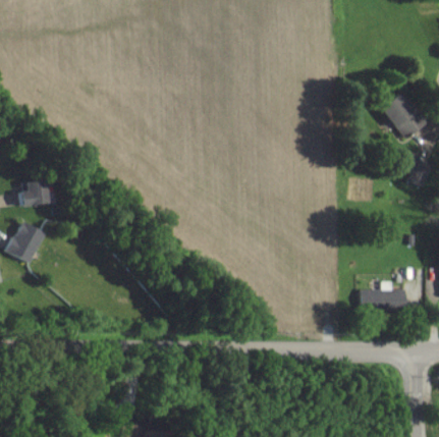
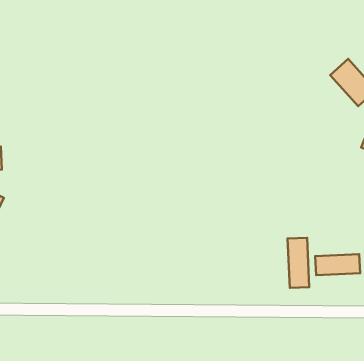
building: none -> [288,238,309,288]

